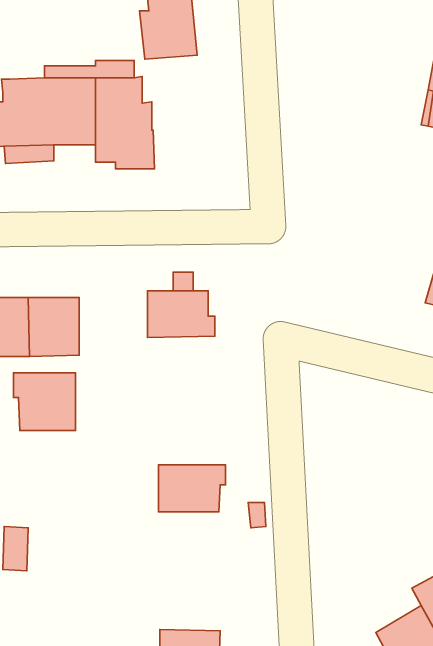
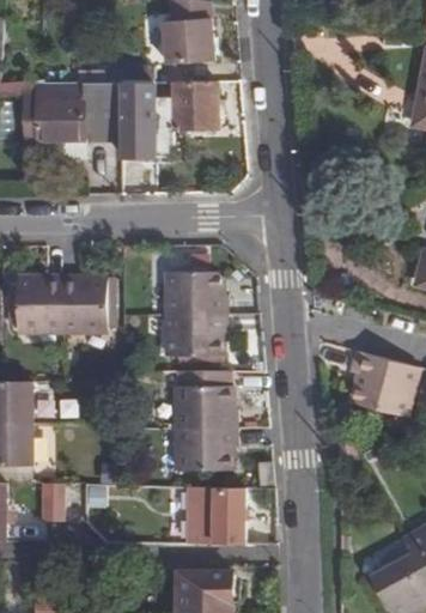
building: none -> [171,80,215,128]
building: none -> [168,312,227,356]
building: [13,373,76,431] -> none
building: none -> [348,350,416,415]
building: none -> [177,370,237,427]
building: none -> [189,485,244,542]

